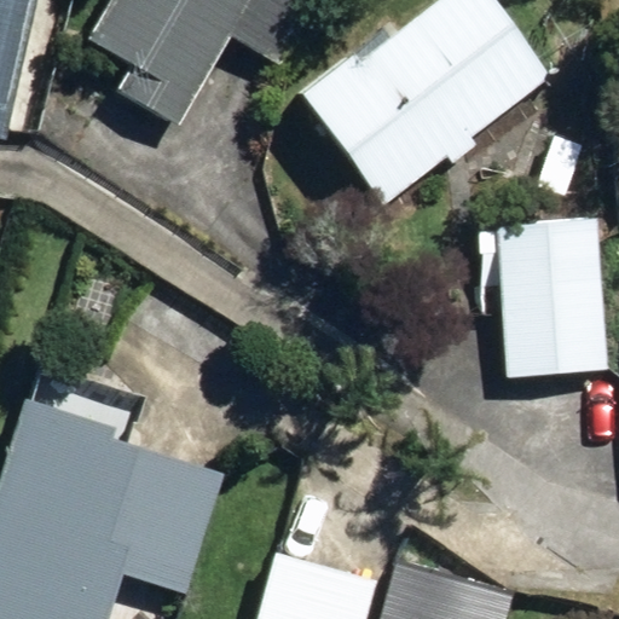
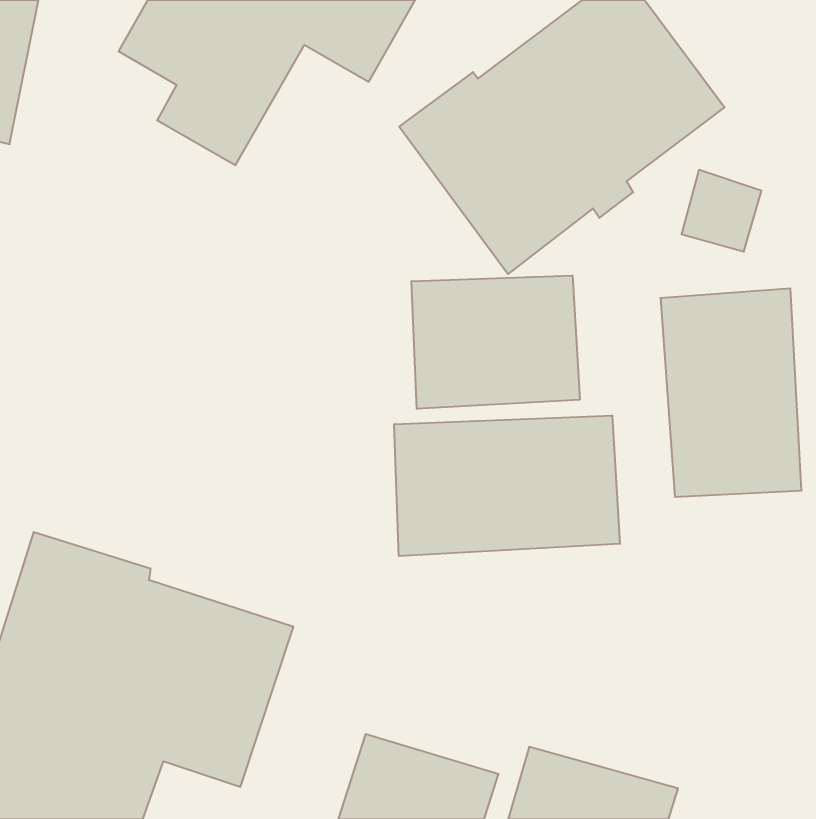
building: none -> [412,275,580,409]
building: none -> [394,415,620,556]

